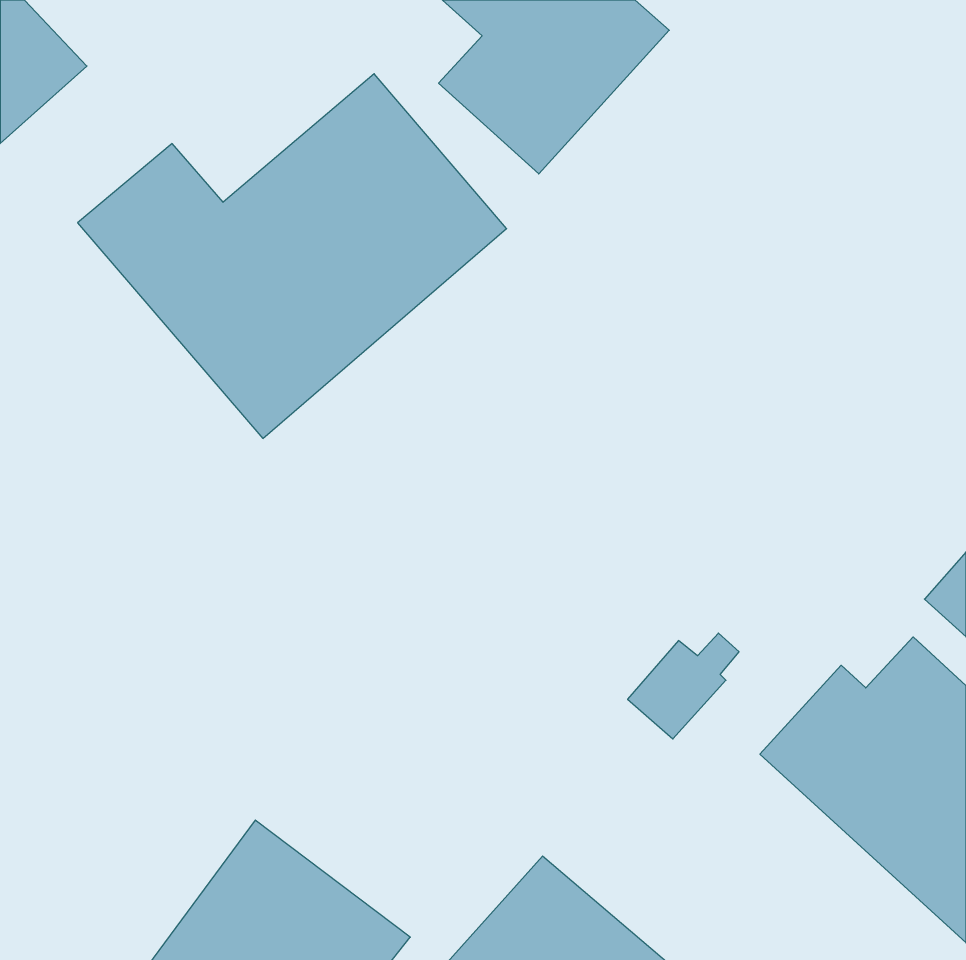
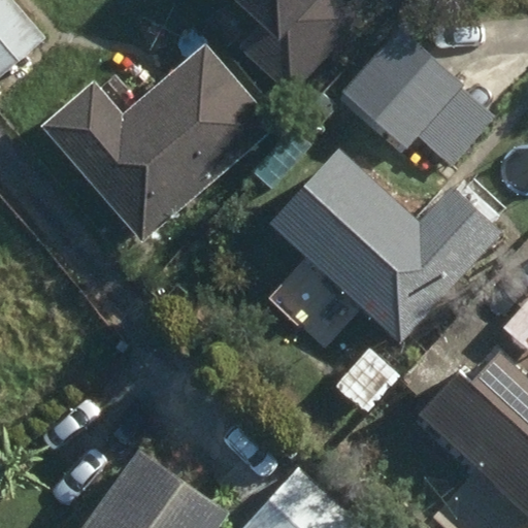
building: none -> [343,31,463,151]
building: none -> [268,150,501,342]

